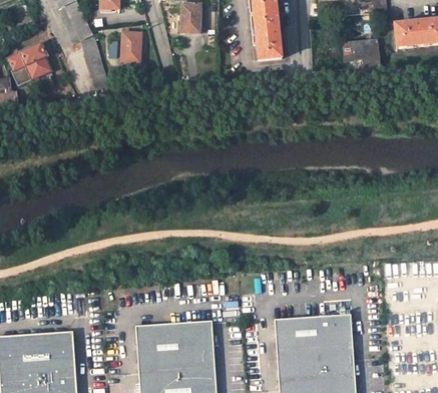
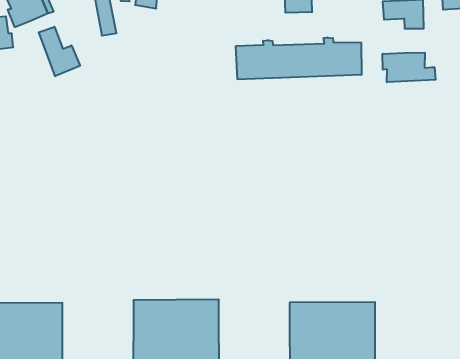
building: none -> [236,37,361,79]
building: none -> [39,27,80,76]
building: none -> [383,53,436,82]

